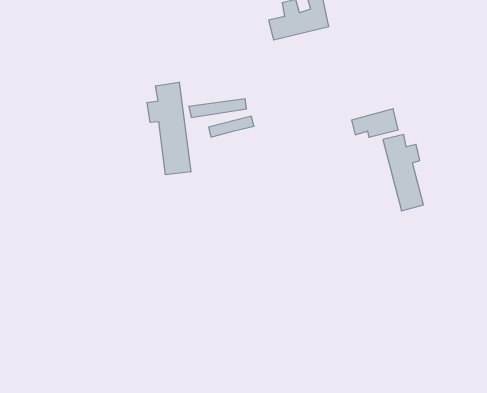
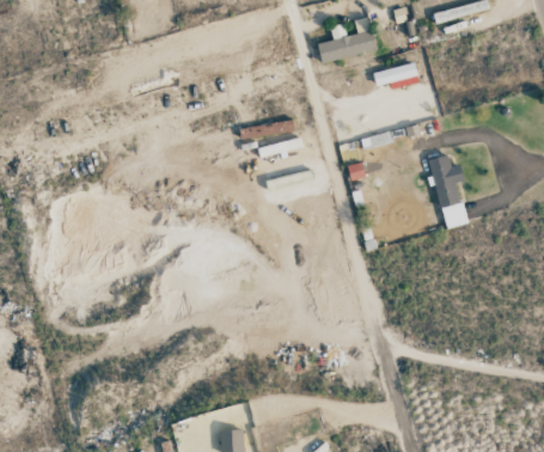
building: [147,82,191,175] -> none
building: [352,109,398,137] -> [373,62,418,90]

